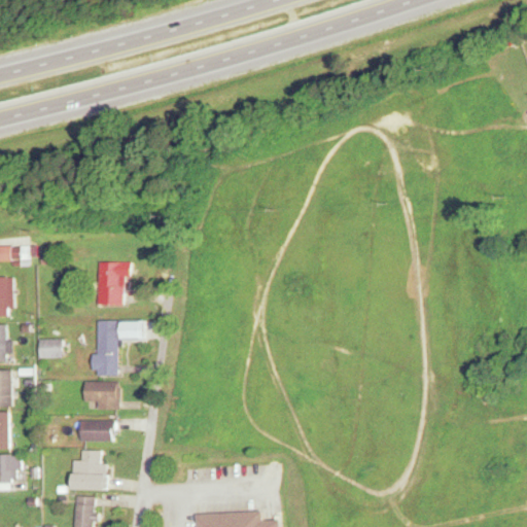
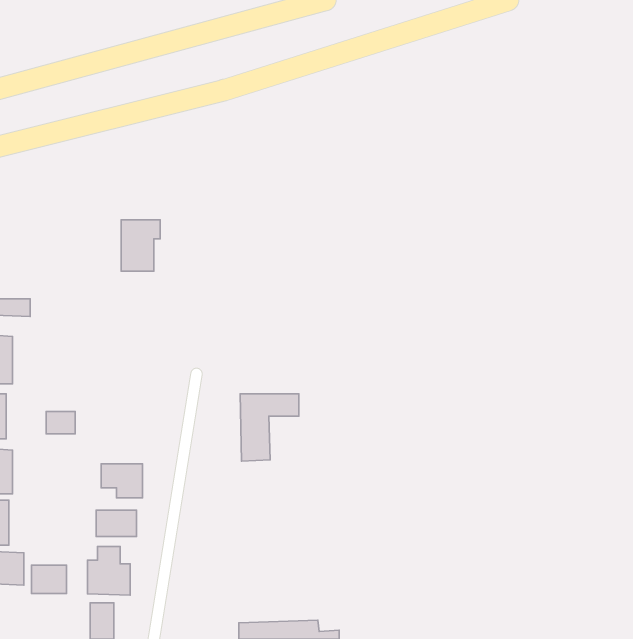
building: [95,261,127,304] -> [121,220,160,271]
building: [93,320,141,376] -> [240,394,299,461]
building: none -> [32,565,67,594]

